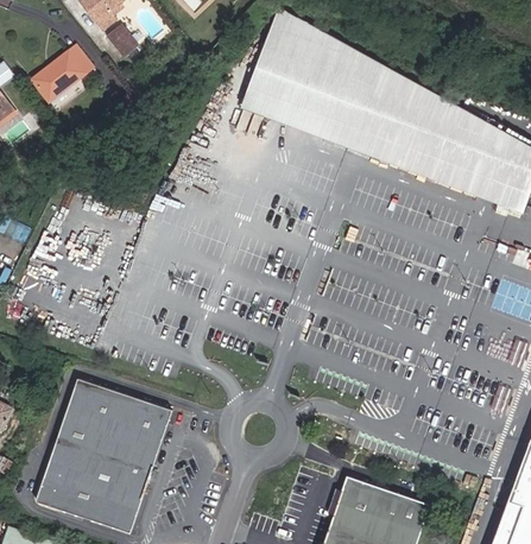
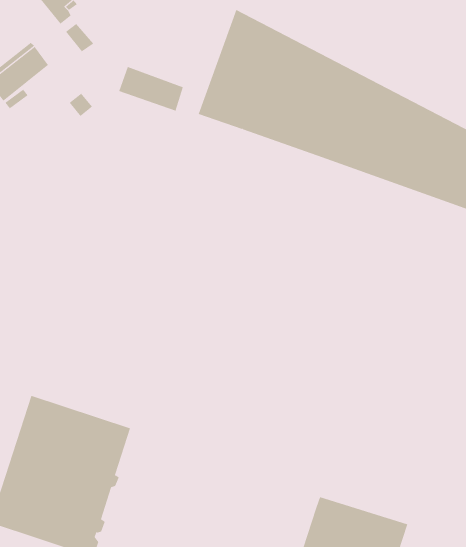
building: none -> [118,66,184,111]

